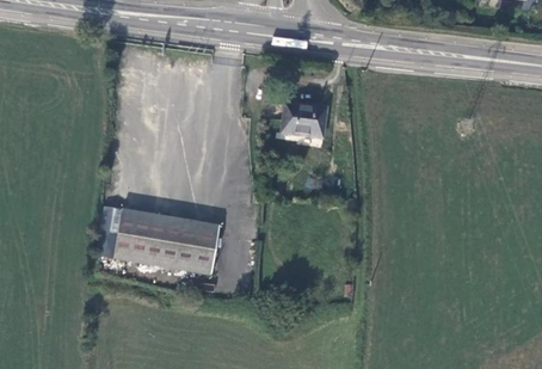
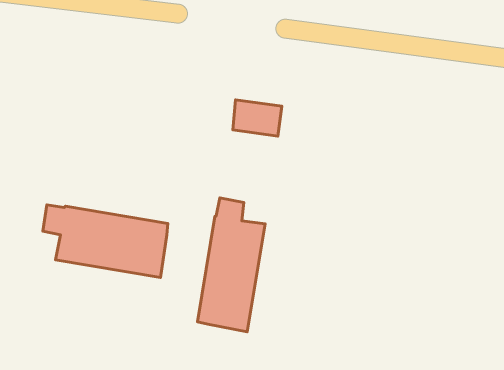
building: none -> [198,198,265,332]

